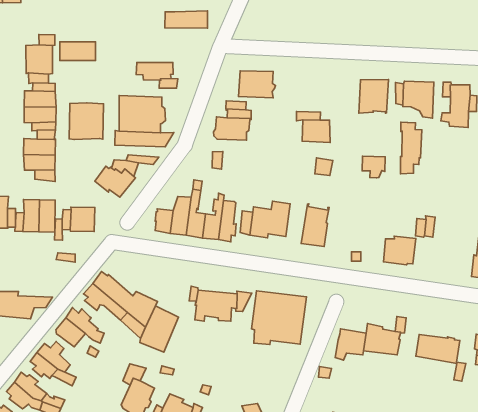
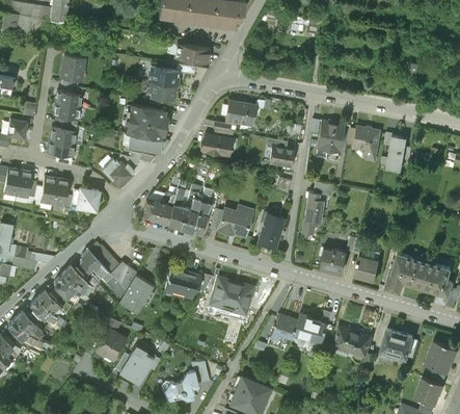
building: [60,42,96,60] -> [150,68,180,86]
building: [69,103,103,140] -> none
building: [400,122,422,174] -> [302,192,324,234]
building: none -> [355,256,380,282]

